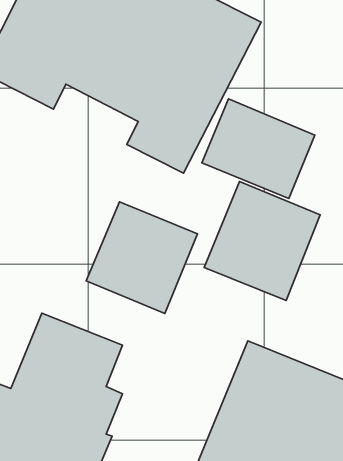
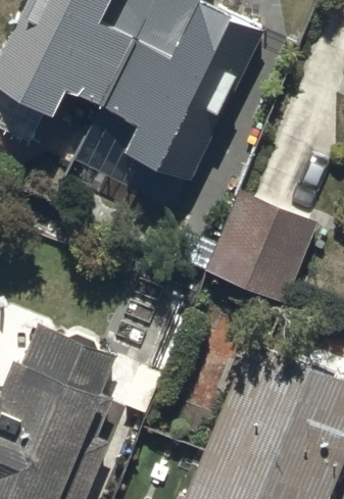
building: [202,99,315,199] -> none
building: [86,202,198,314] -> none

